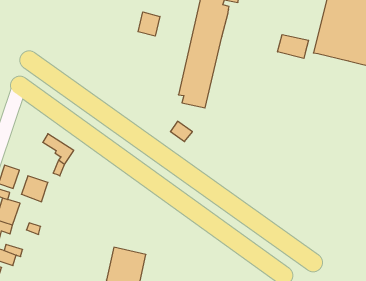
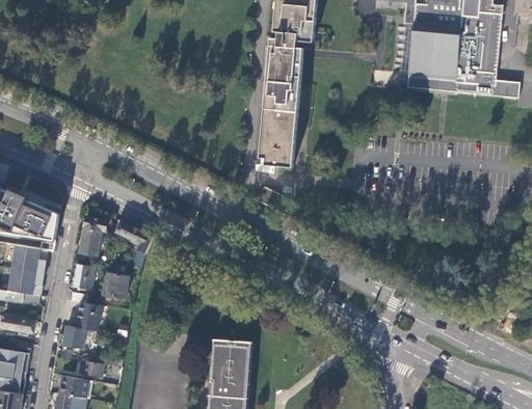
building: [138,12,160,36] -> none
building: [278,35,309,58] -> none
building: none -> [78,215,106,255]

